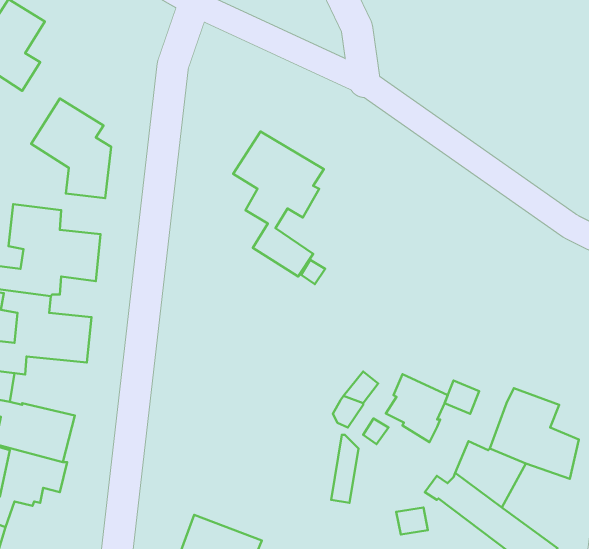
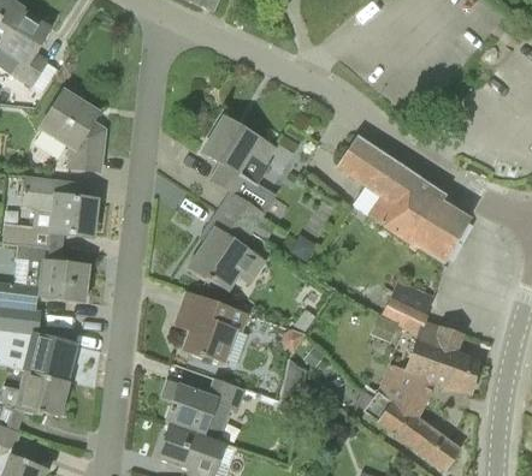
building: none -> [337,135,471,262]
building: none -> [188,209,266,290]
building: none -> [181,290,250,362]
building: [386,374,448,442] -> [385,279,435,333]
building: none -> [166,376,247,442]

